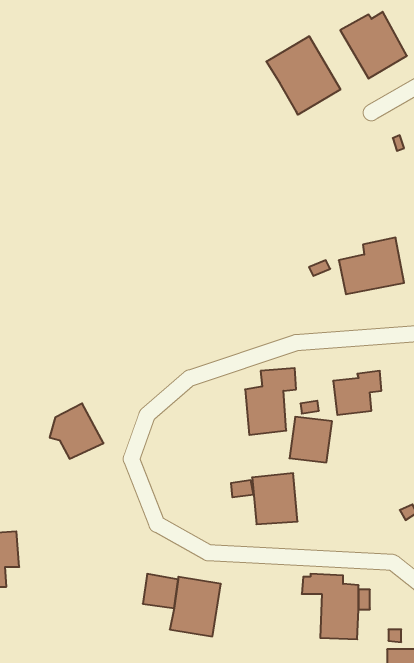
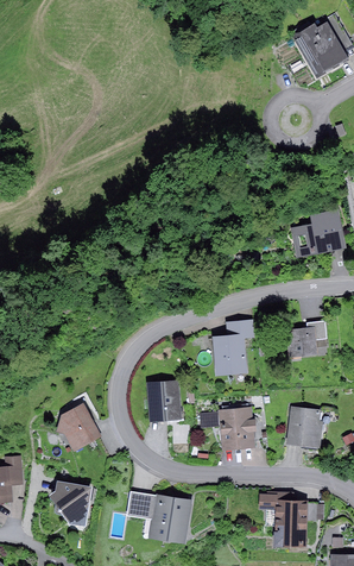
building: [266,36,340,115] -> none
building: [50,403,104,459] -> [56,403,101,449]
building: [289,417,332,462] -> [287,408,323,446]
building: none -> [146,381,181,421]
building: none -> [49,480,91,526]

